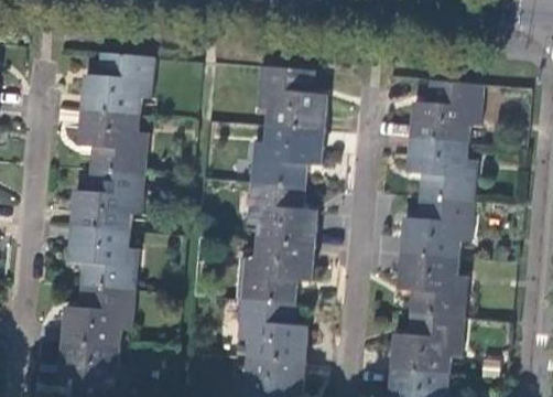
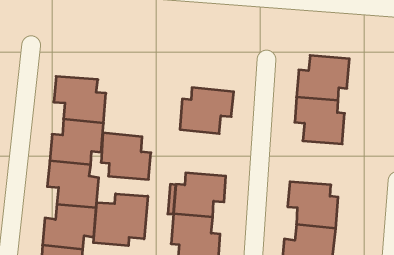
building: [80,52,154,114] -> none
building: [257,65,326,130] -> none
building: [248,182,316,246] -> [101,133,151,179]
building: [401,197,473,258] -> none
building: none -> [93,194,148,246]

